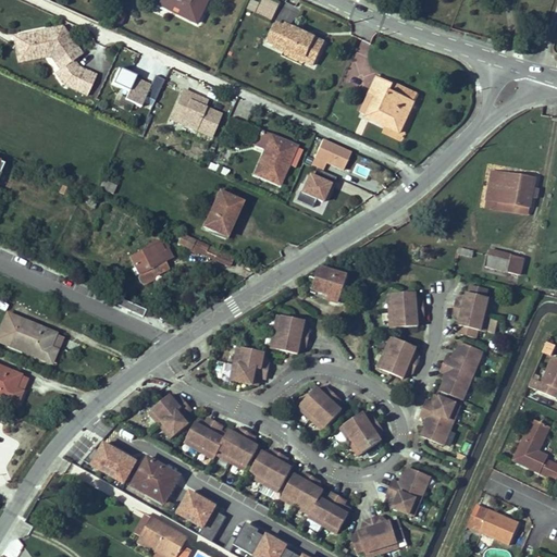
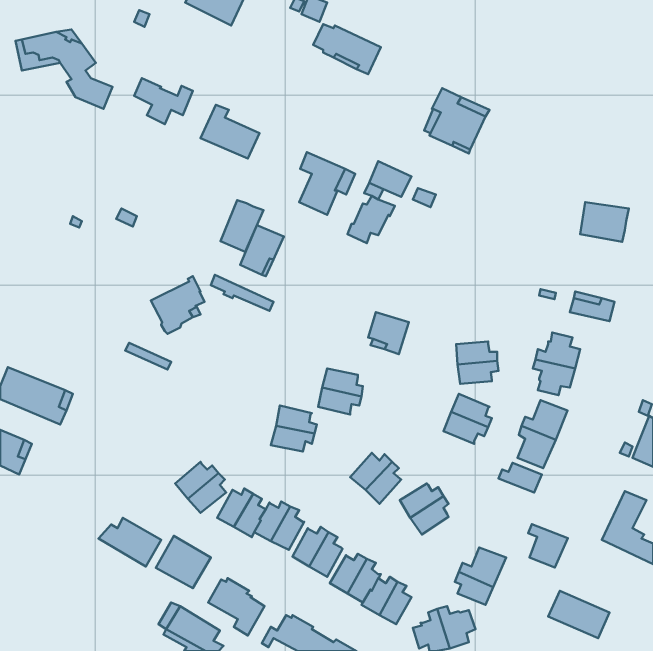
building: none -> [220,200,263,252]
building: [486,171,530,213] -> none
building: [421,407,455,444] -> [528,524,568,568]

